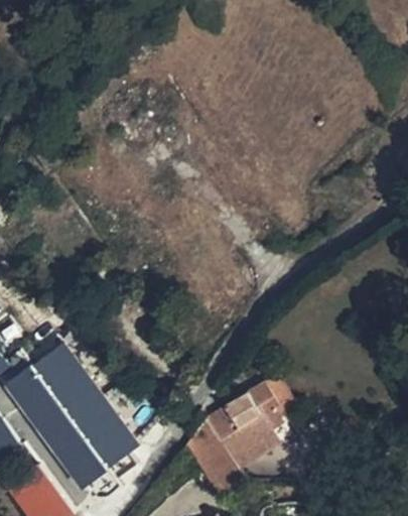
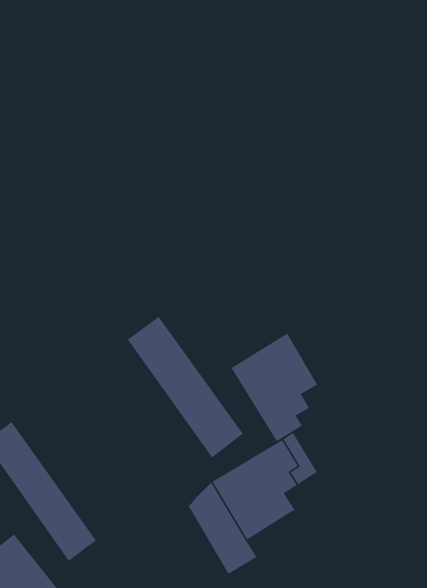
building: none -> [231,333,318,442]
building: [33,347,133,469] -> [127,316,244,459]

